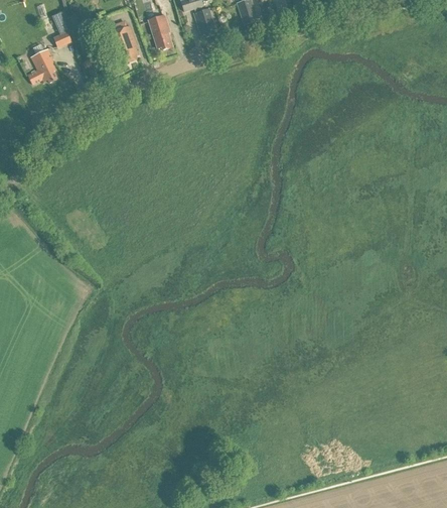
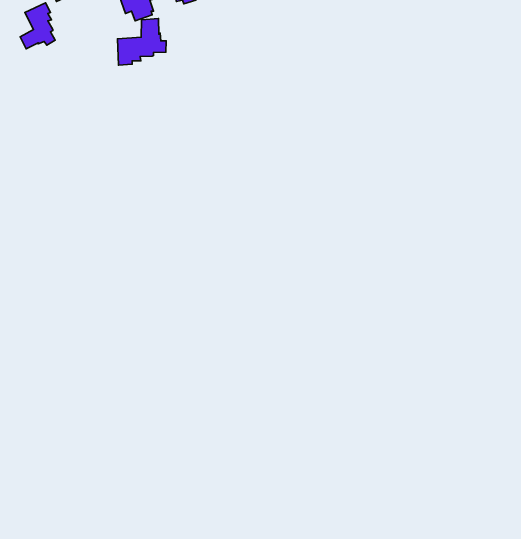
building: none -> [117,19,166,65]

